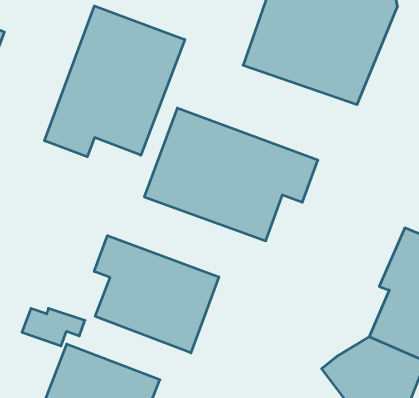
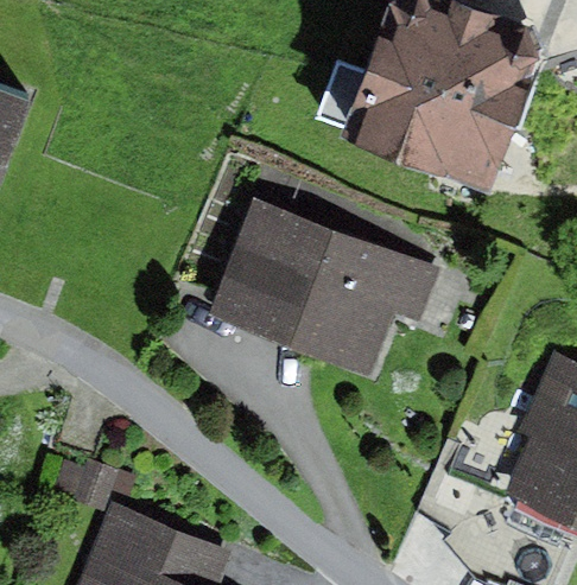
building: [45,6,185,157] -> none
building: [94,236,219,353] -> none

